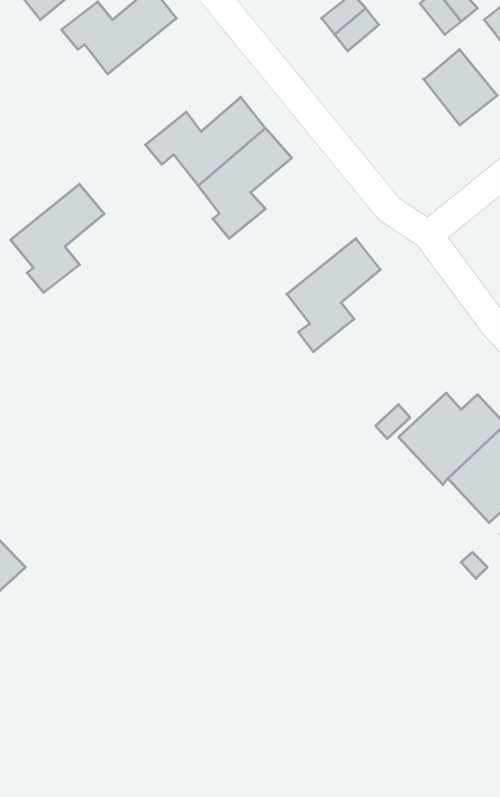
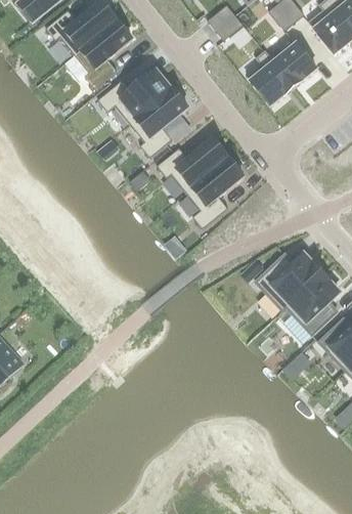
building: none -> [248,48,294,104]
building: [11,184,104,293] -> [75,18,133,86]
building: none -> [158,136,229,190]

